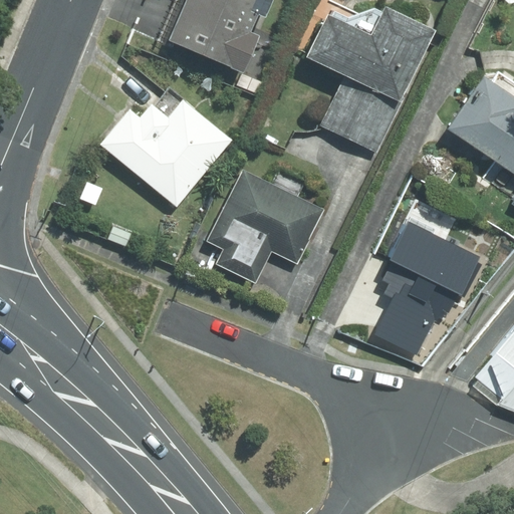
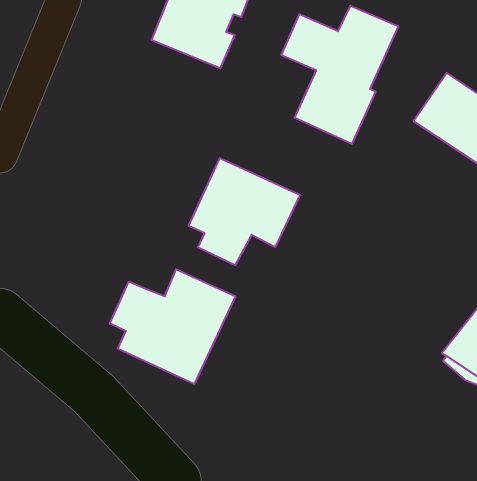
building: [99,87,232,206] -> none
building: [376,221,478,353] -> none
building: none -> [110,269,236,384]

